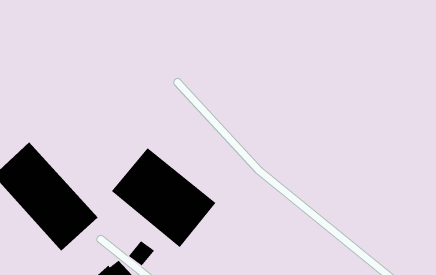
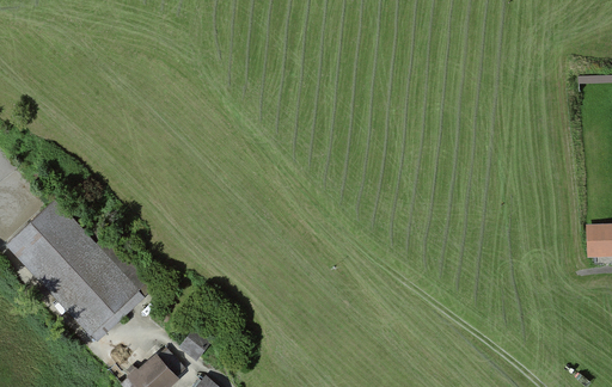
building: [111,147,217,248] -> none

